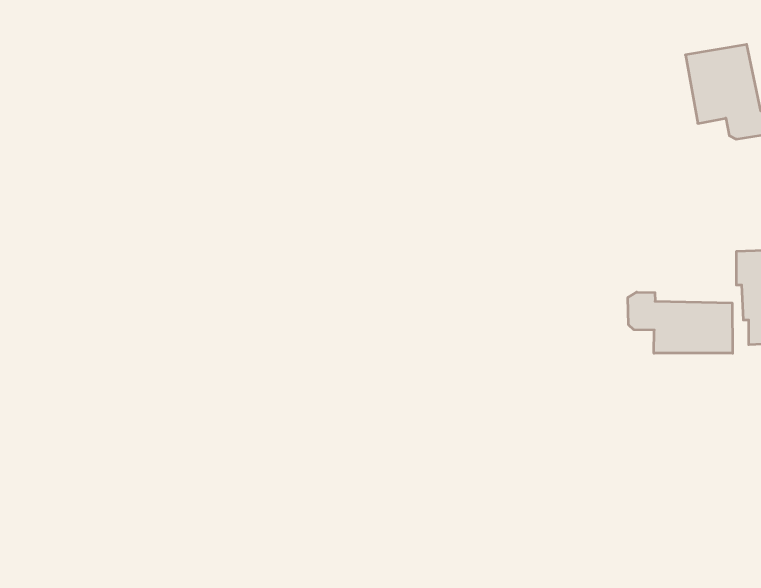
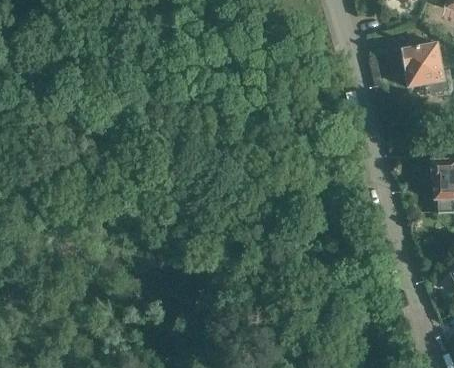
building: [628,292,733,353] -> none

